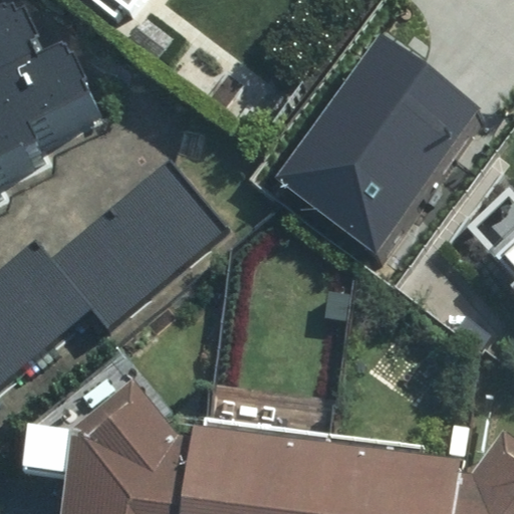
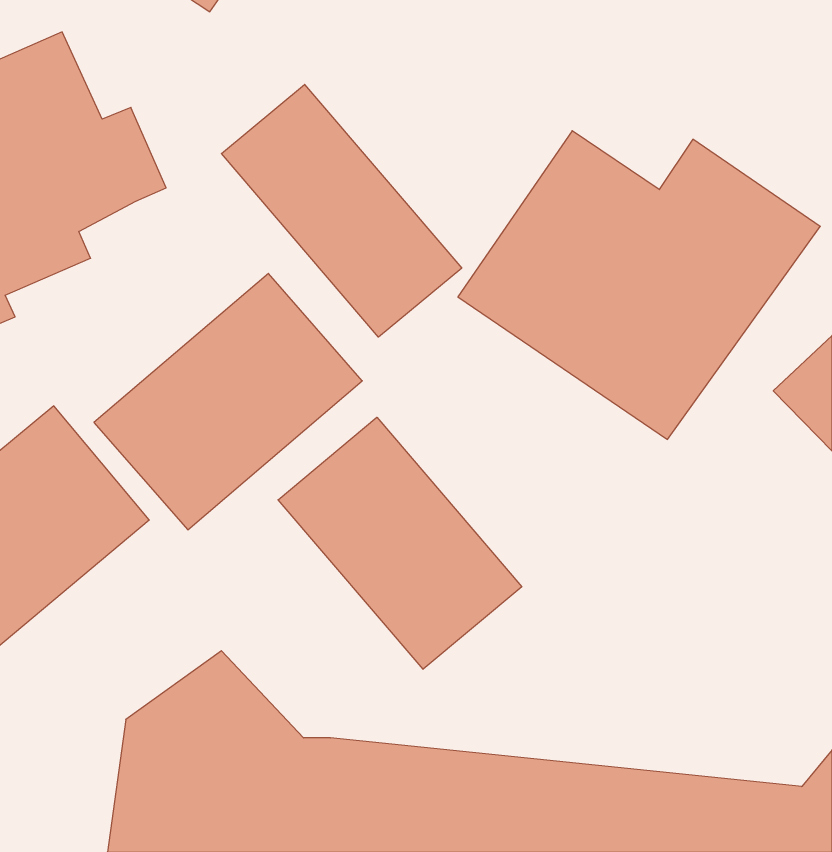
building: none -> [221,84,462,337]
building: none -> [278,417,522,669]

